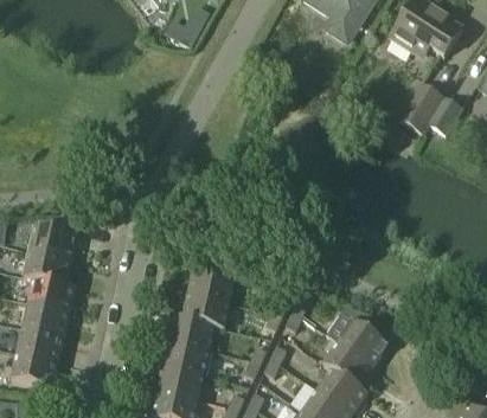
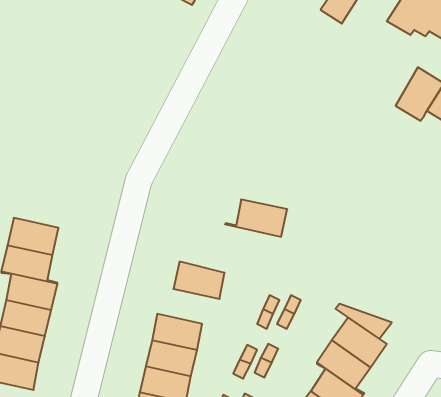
building: [171,294,230,329] -> [225,199,287,237]

